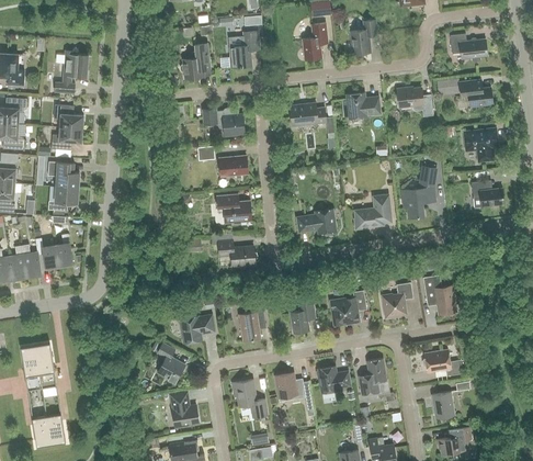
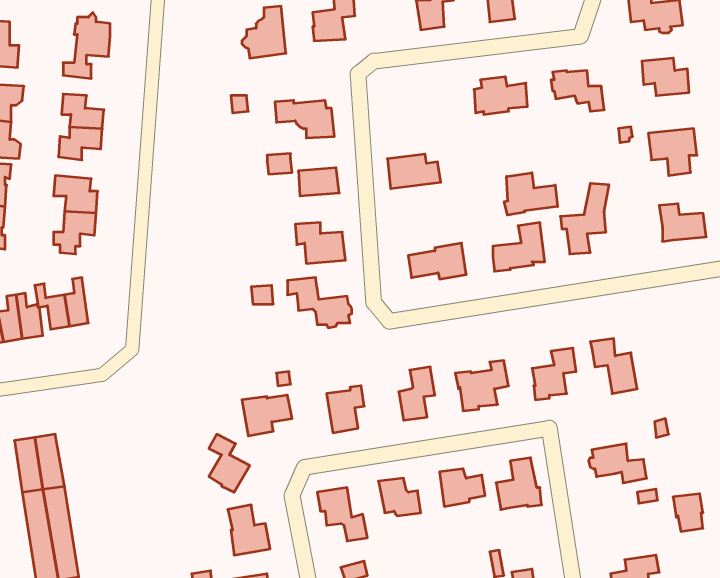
building: [290,102,327,126] -> [387,154,441,189]
building: none -> [504,173,558,215]
building: [432,392,453,418] -> [673,494,703,531]

